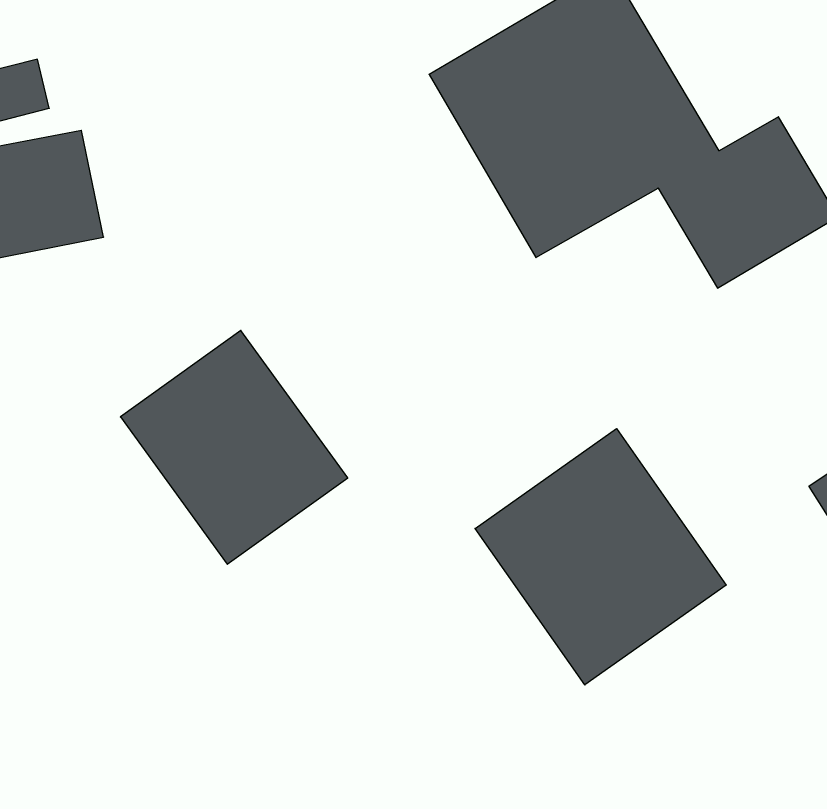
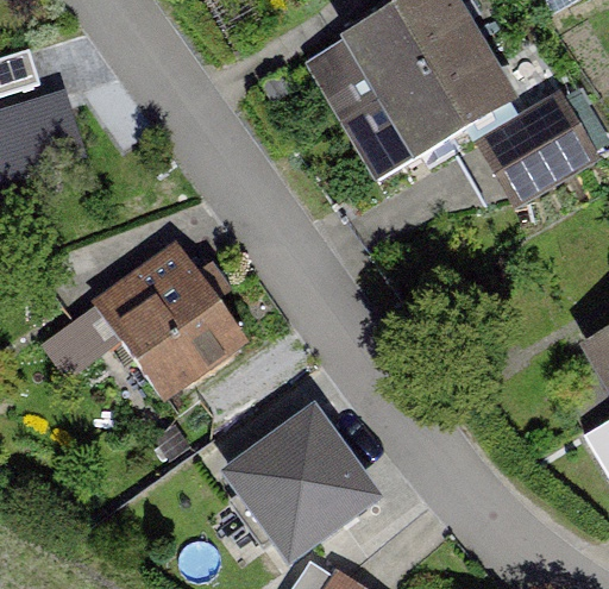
building: [475,429,726,685] -> none
building: none -> [220,401,379,559]

